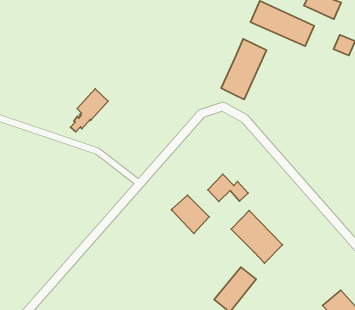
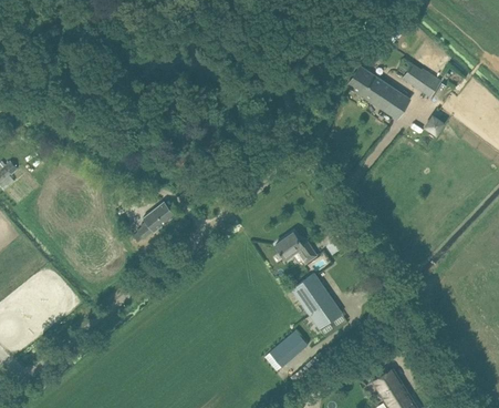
building: [221,39,266,100] -> none
building: [71,89,108,132] -> [133,202,175,242]
building: [171,195,209,233] -> none

